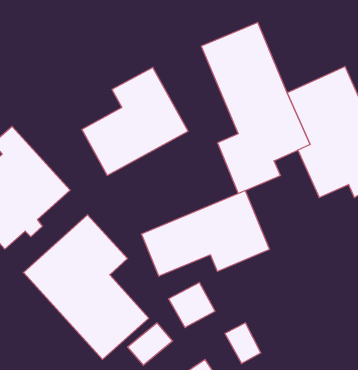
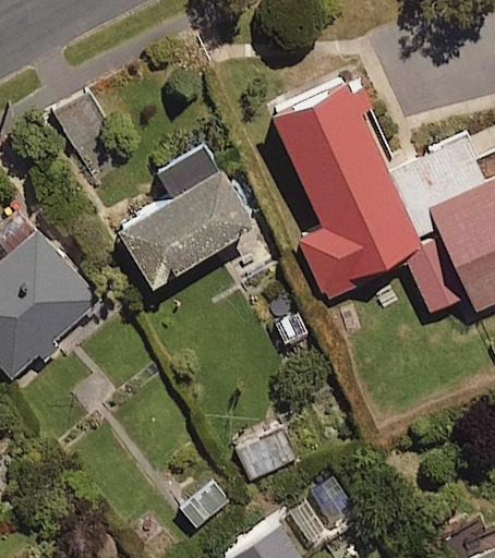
building: [142,190,269,276] -> none
building: [23,215,149,359] -> none

